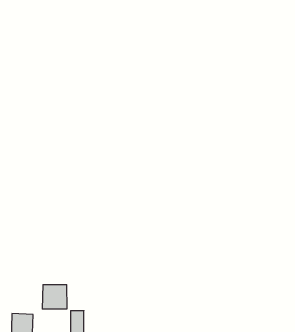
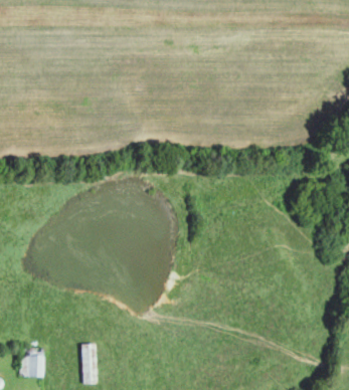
building: [42,285,67,309] -> none

